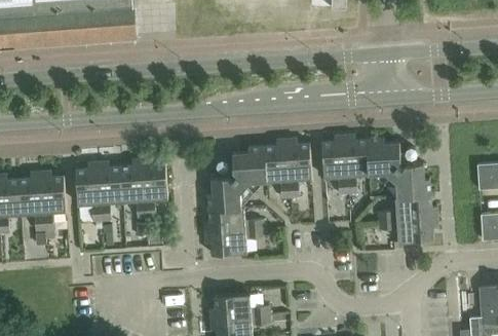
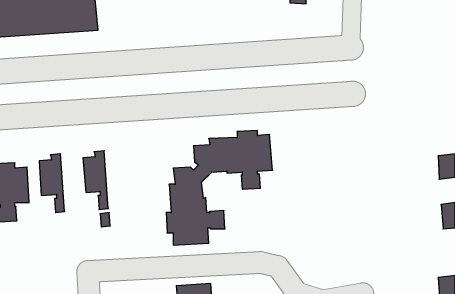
building: [320,136,437,244] -> none
building: [141,159,167,219] -> none
building: [97,162,122,222] -> none

